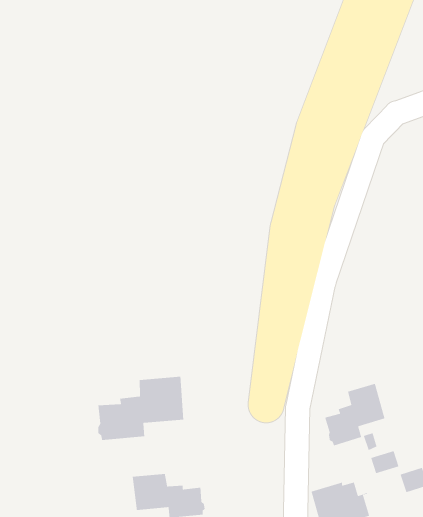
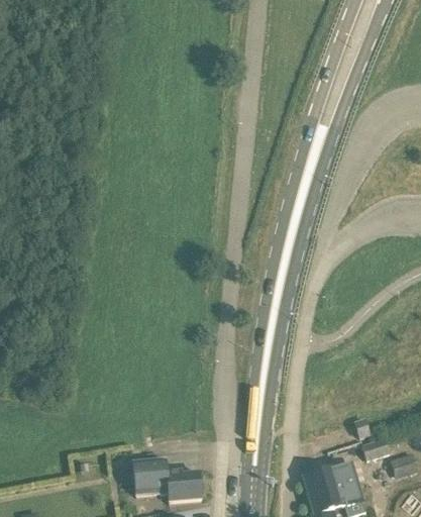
building: [97,376,184,441] -> none
building: [324,383,385,446] -> none

